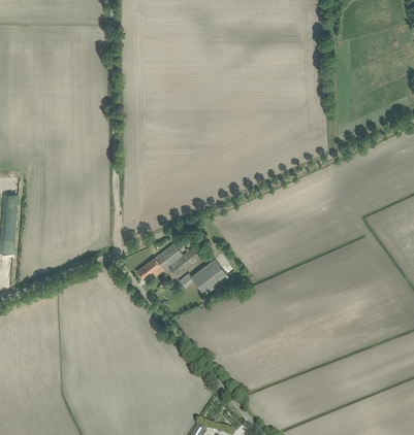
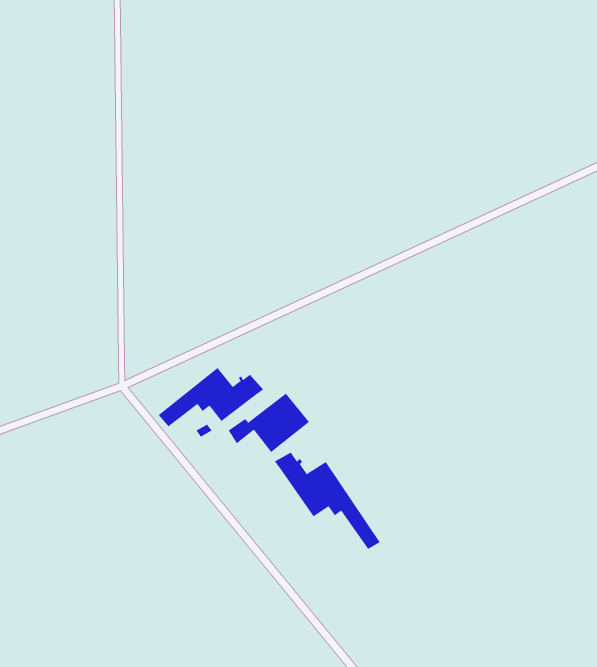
building: none -> [274,452,381,550]

